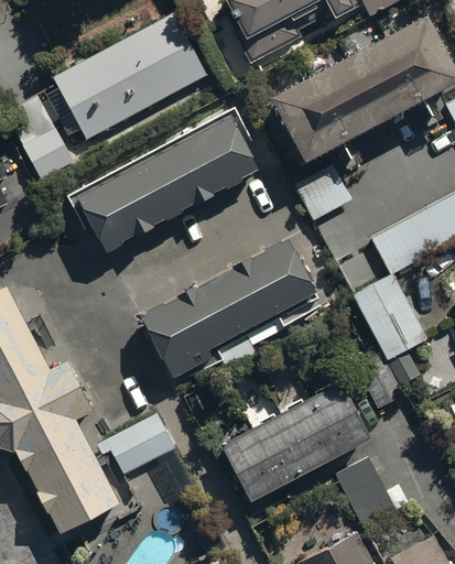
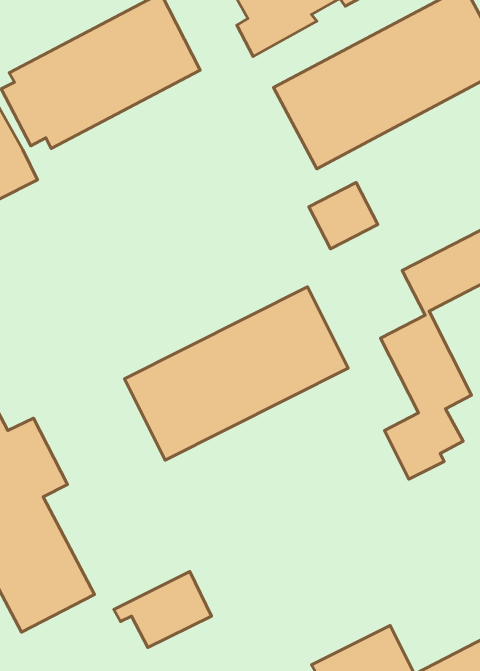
building: [76,121,270,273] -> none
building: [217,378,367,496] -> none
building: [95,411,174,473] -> [114,571,211,647]
building: [337,458,398,530] -> none

